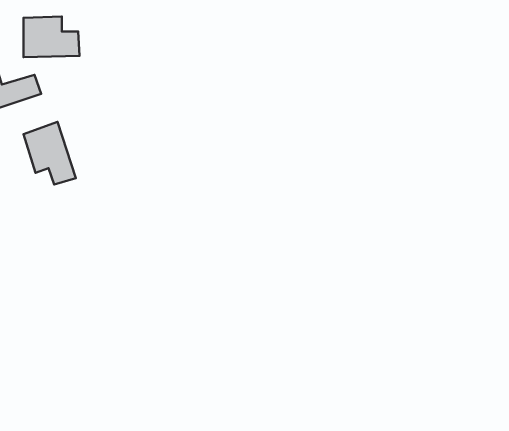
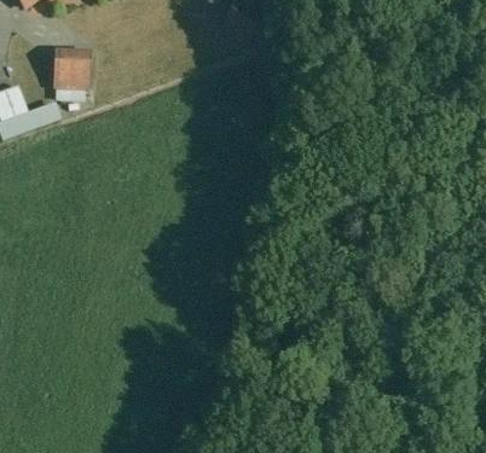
building: [23,122,76,184] -> none

